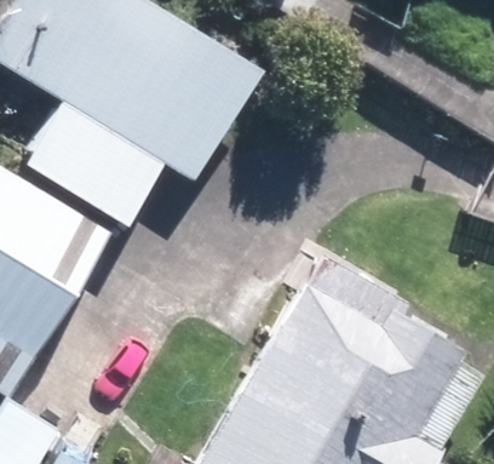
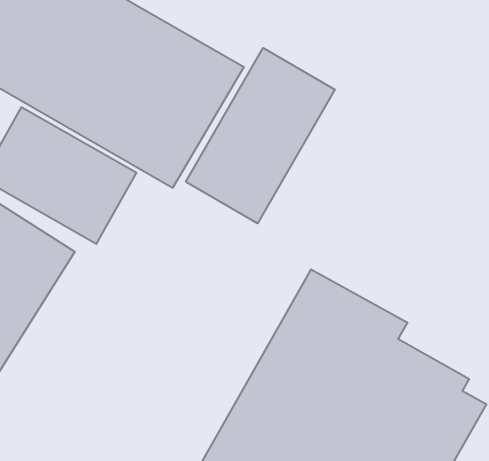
building: none -> [186,48,335,223]

